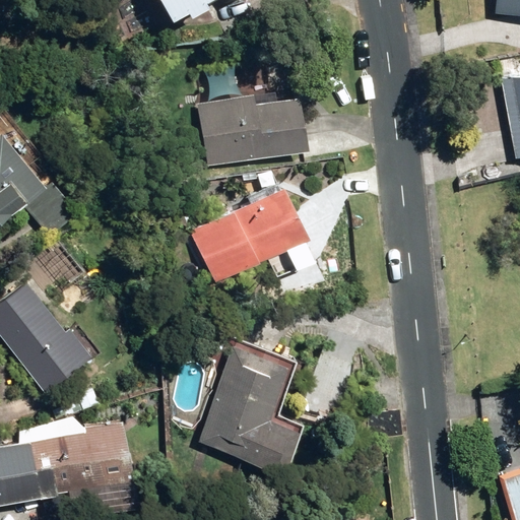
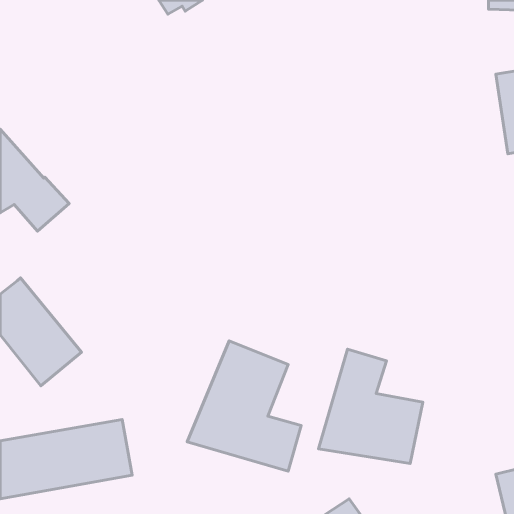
building: [190,90,308,165] -> none
building: [176,184,306,286] -> none
building: none -> [318,349,423,464]

